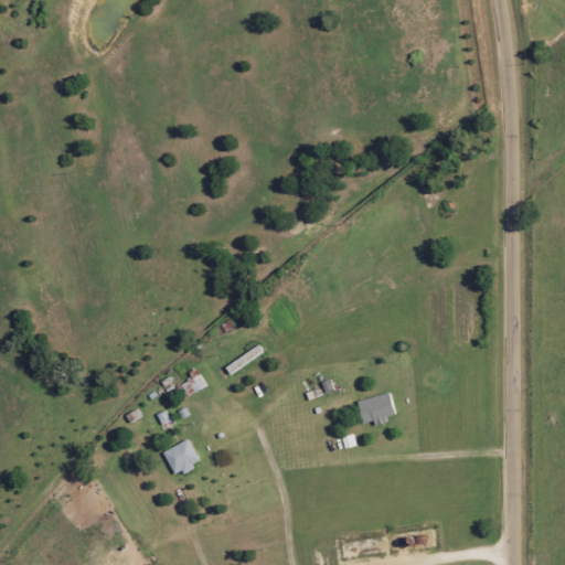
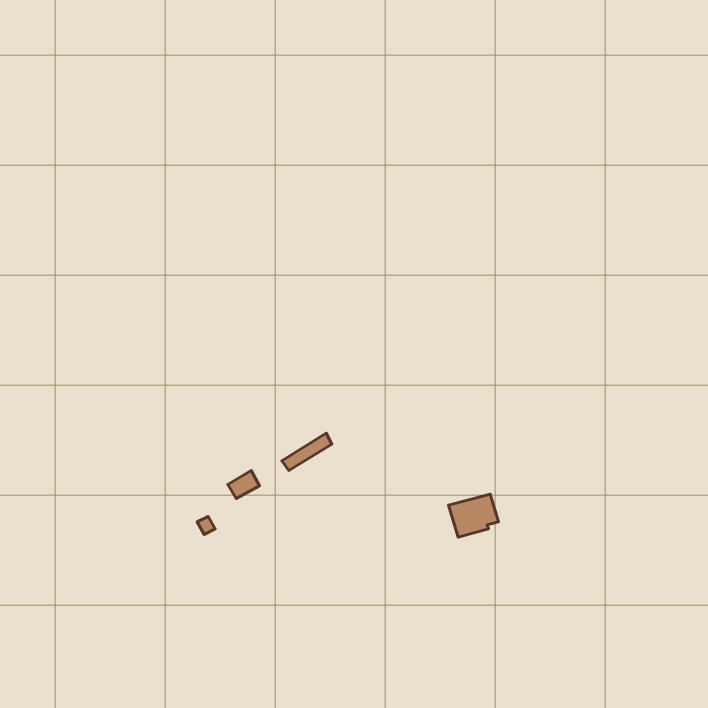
building: [163,439,201,476] -> none

